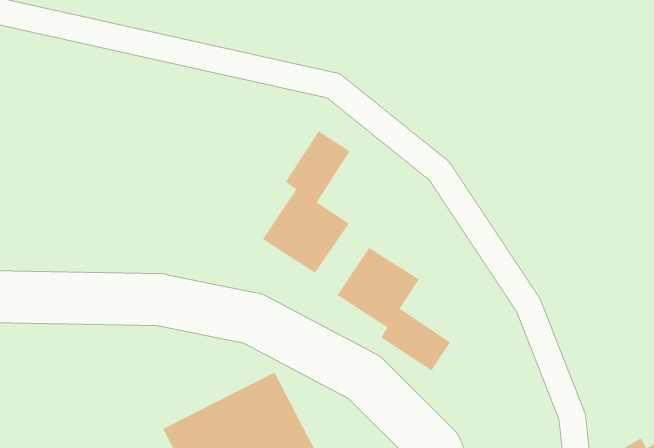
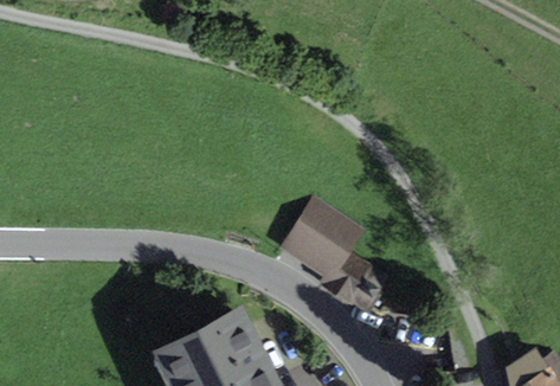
building: [262,130,351,274] -> none

